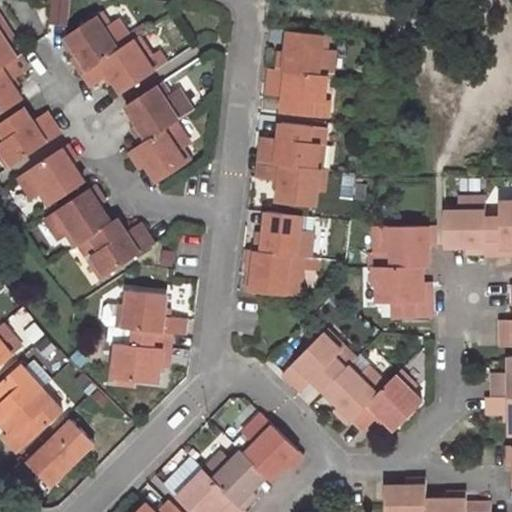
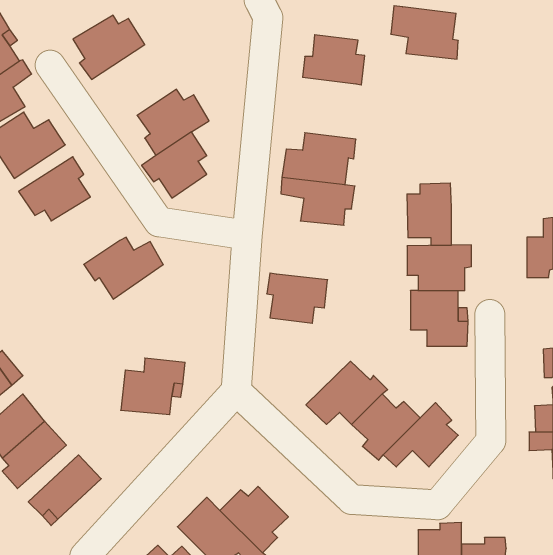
building: [84,37,155,93] -> none
building: [267,71,329,120] -> [391,6,458,59]
building: [43,185,110,246] -> none
building: [443,197,484,254] -> [407,183,451,245]
building: [254,213,310,259] -> none
building: [114,289,183,335] -> none
building: [239,414,303,480] -> none

